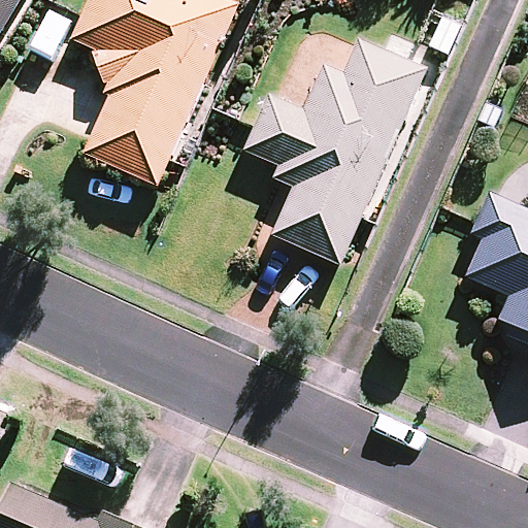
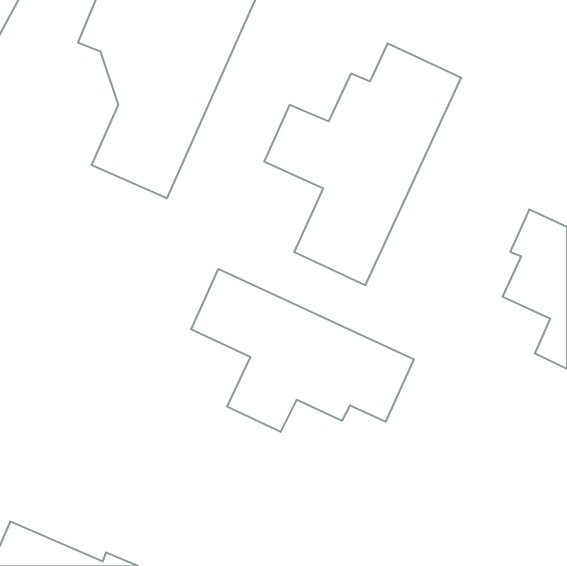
building: none -> [191,269,414,432]

